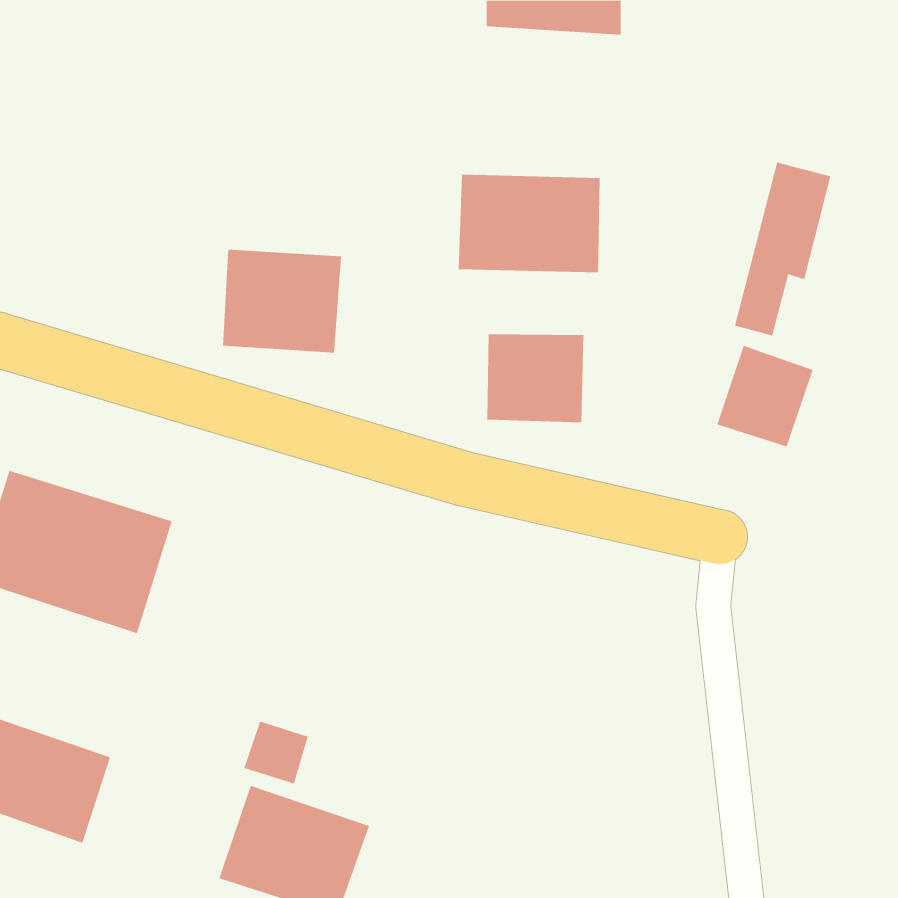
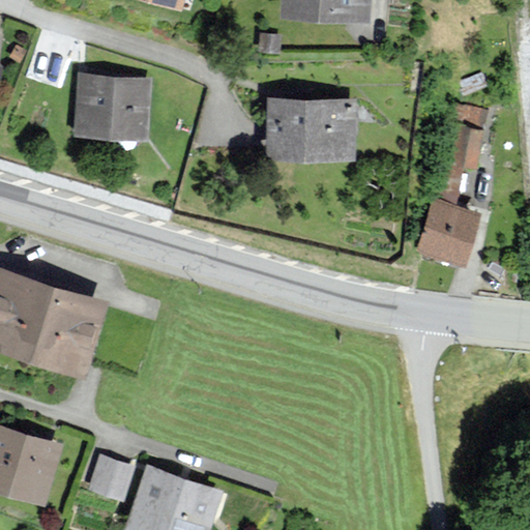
building: [222,249,342,353] -> [78,80,148,141]
building: [487,333,584,423] -> none
building: [244,721,309,784] -> [91,454,129,492]

